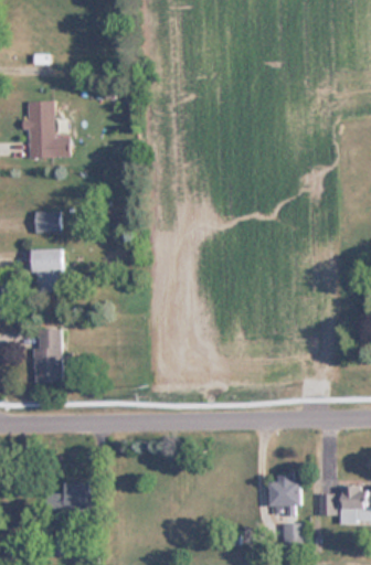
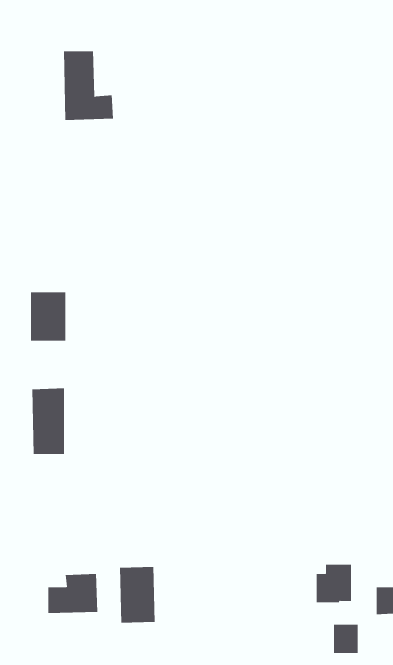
building: [26,100,68,158] -> [63,51,114,120]
building: [35,210,61,232] -> none
building: none -> [119,566,155,624]

